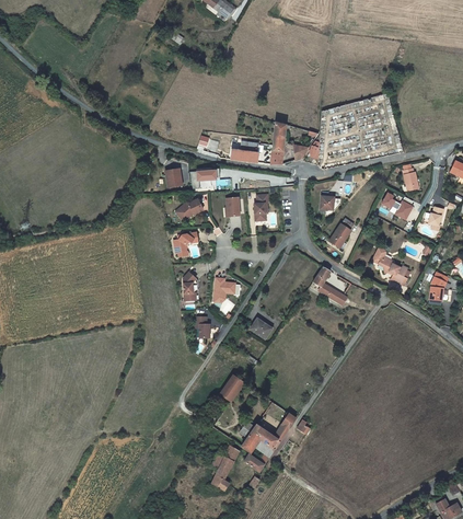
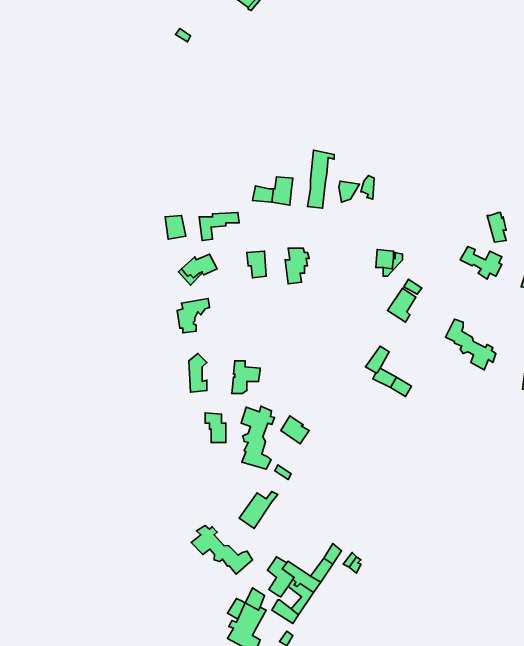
building: none -> [241,406,274,469]
building: none -> [191,525,253,574]

